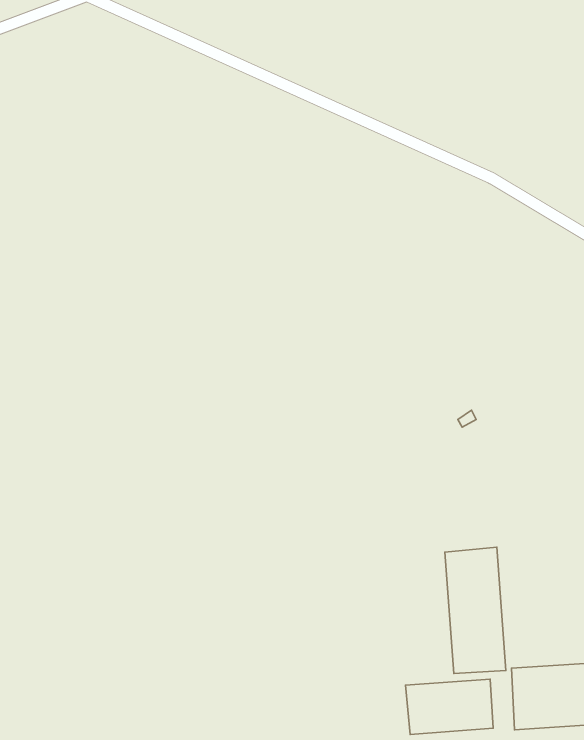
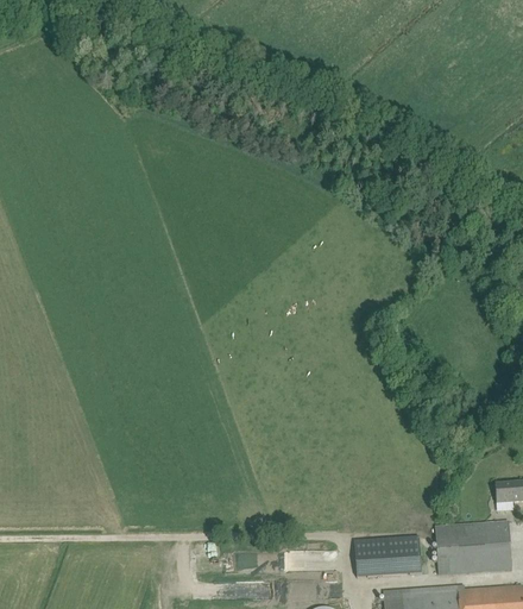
building: [445,547,506,673] -> none

